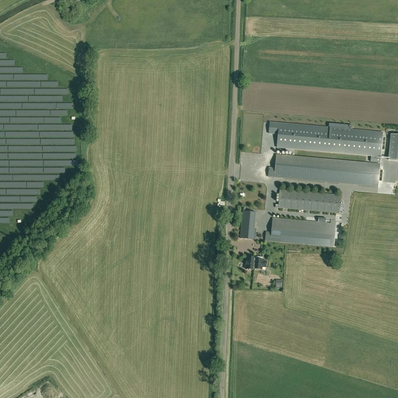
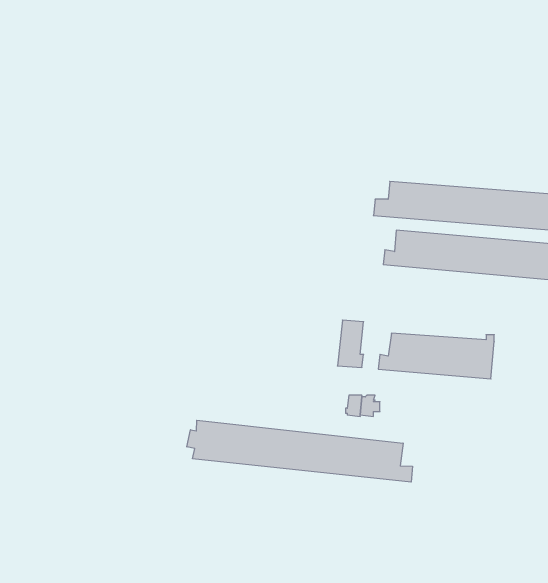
building: [275,188,344,211] -> none
building: none -> [187,420,412,482]

